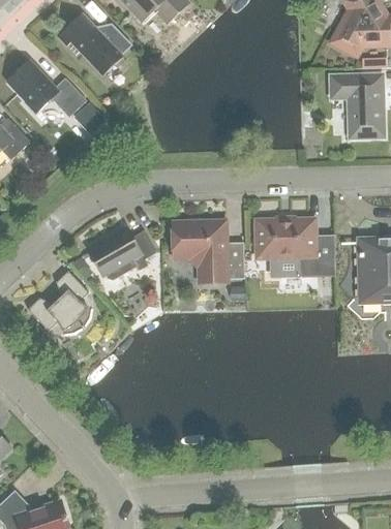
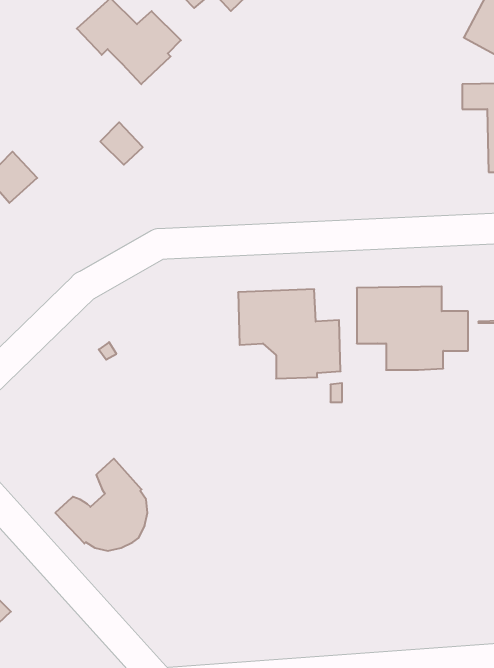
building: [9,63,86,117] -> none
building: [88,228,156,280] -> none
building: [27,271,92,336] -> [55,459,147,551]

